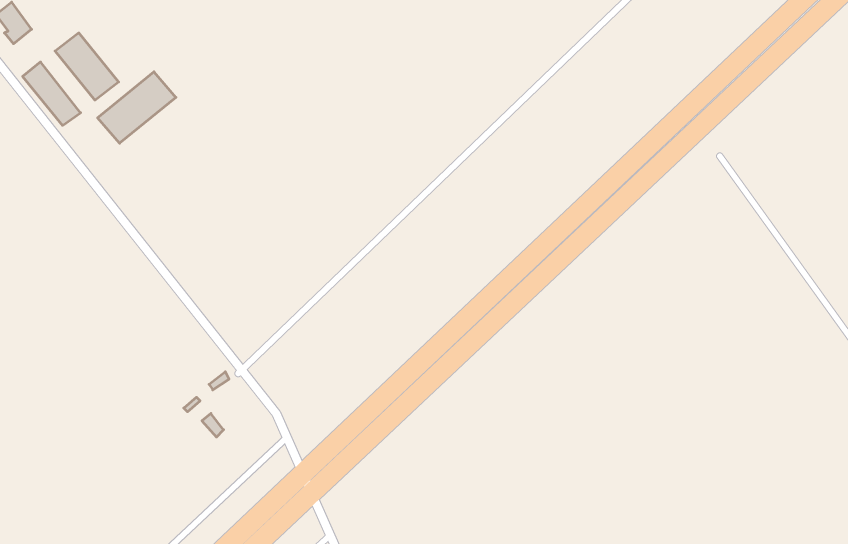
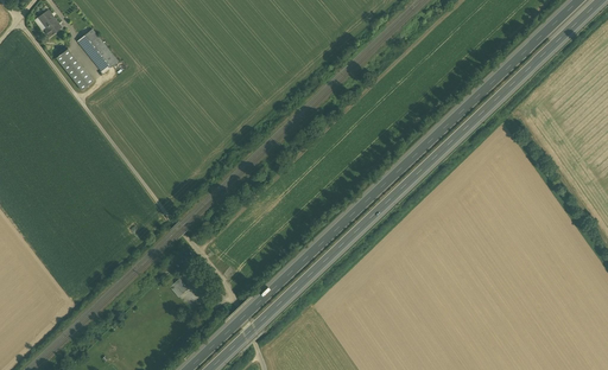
building: [98,72,176,143] -> none

